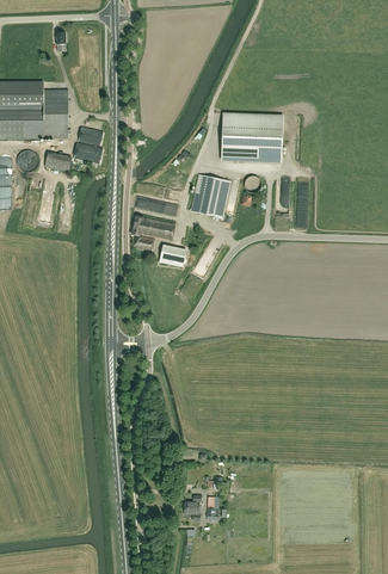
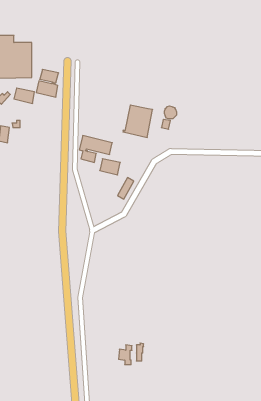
building: [221,113,282,161] -> none

